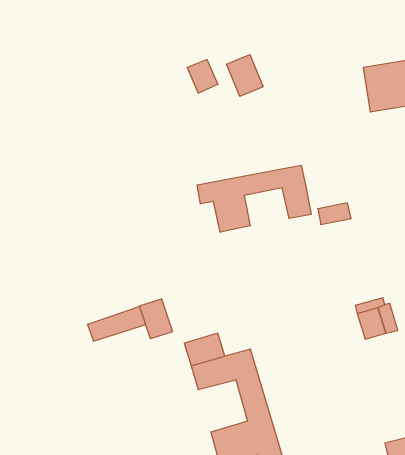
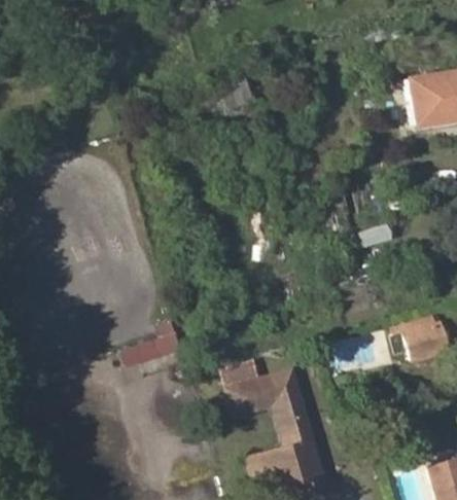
building: [226,55,263,96] -> none
building: [197,165,311,232] -> none
building: [140,299,172,339] -> none

